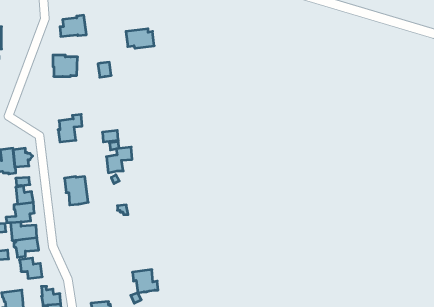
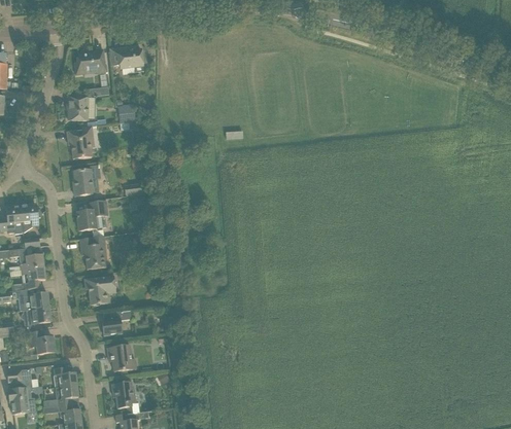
building: [126,29,154,48] -> [109,44,142,67]
building: none -> [66,126,93,158]
building: [106,147,132,173] -> [76,201,106,230]
building: none -> [84,274,115,303]
building: none -> [101,309,131,334]
building: [132,270,158,293] -> [106,344,136,370]

